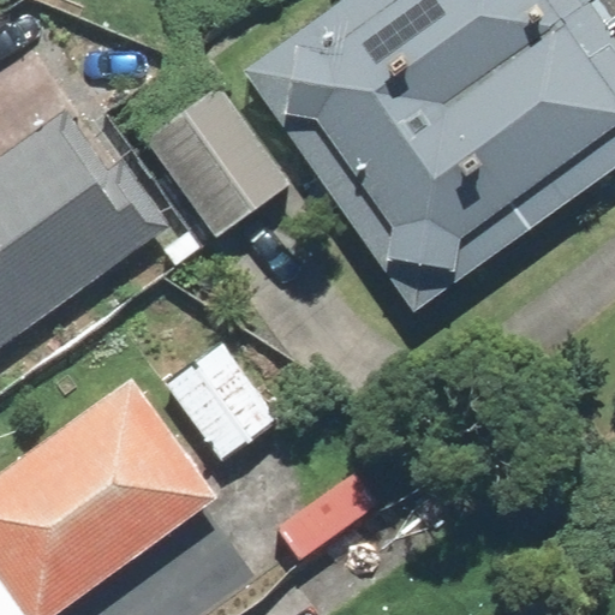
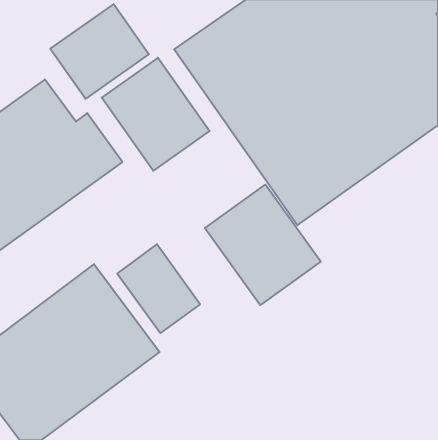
building: none -> [50,4,149,99]
building: none -> [205,185,321,305]

